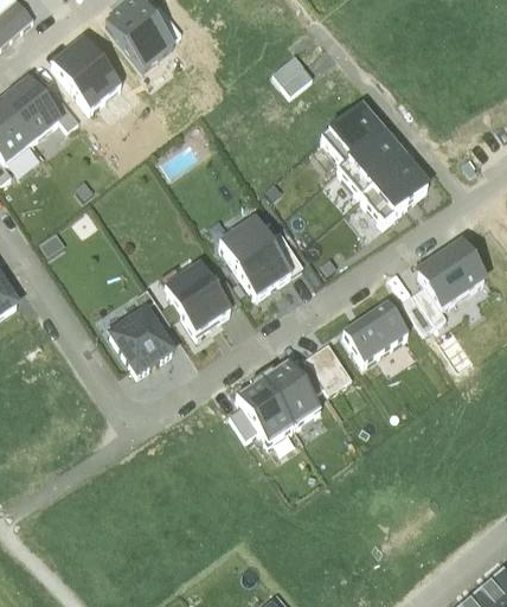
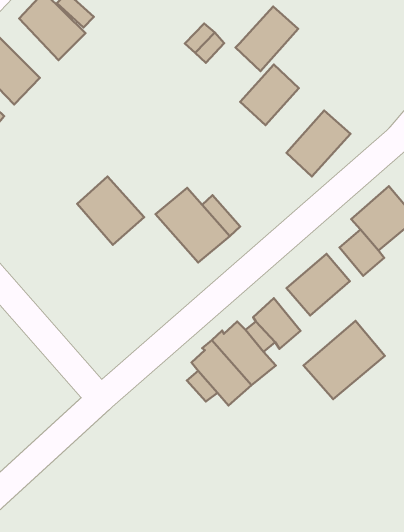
building: [339,129,405,193] -> [235,7,298,71]
building: [166,261,232,331] -> [77,177,144,245]
building: [110,307,174,372] -> none
building: none -> [304,321,385,399]

